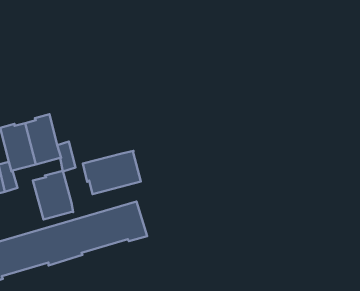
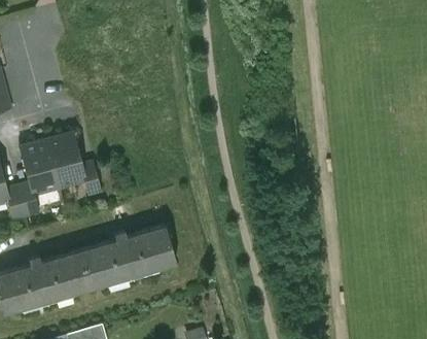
building: [83,151,141,194] -> none
building: [33,171,73,220] -> none

